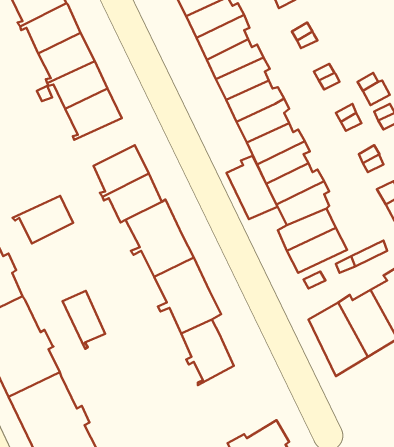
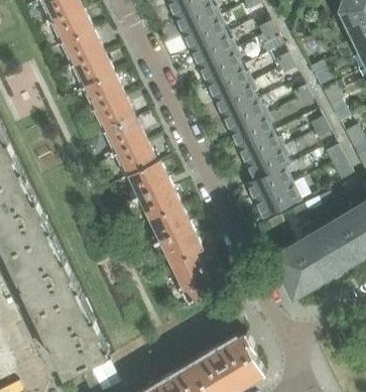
building: [226,156,277,219] -> none
building: [13,196,73,244] -> [88,97,135,134]
building: [63,291,105,349] -> none

